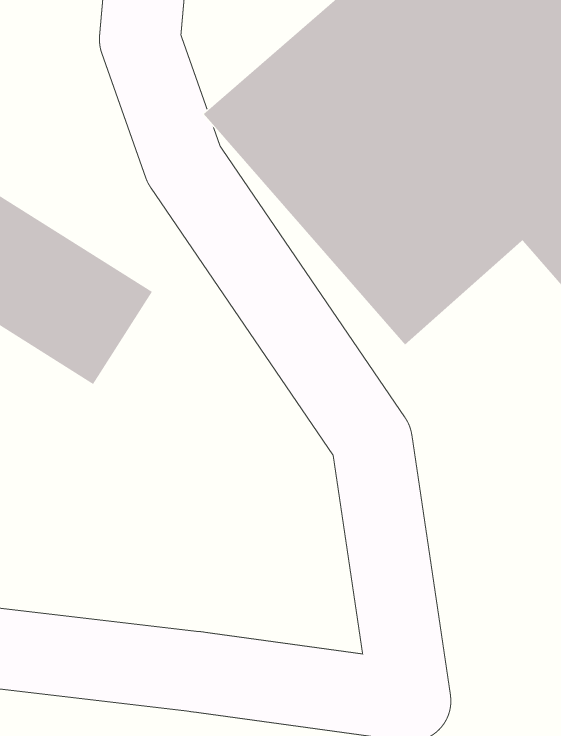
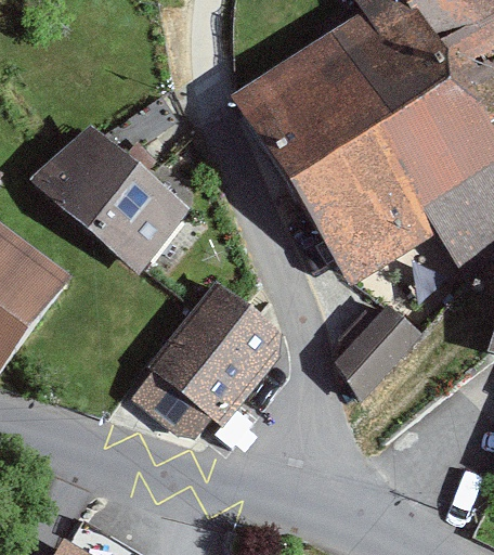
building: none -> [327,306,416,395]
building: none -> [147,283,287,424]

